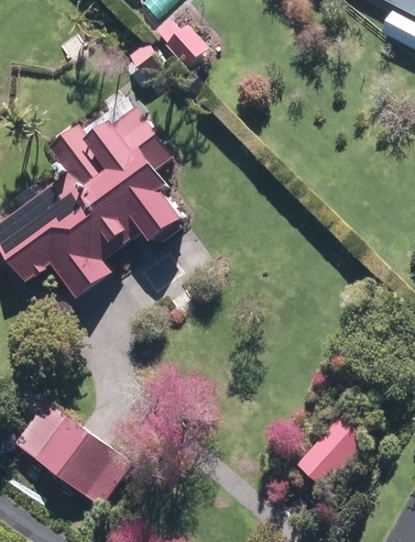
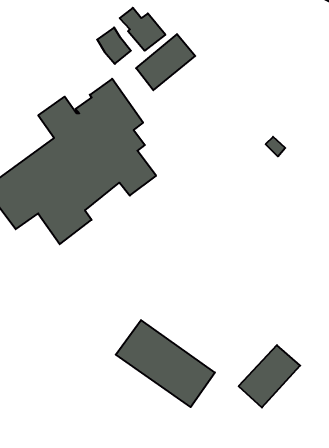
building: none -> [136,34,195,90]
building: [15,401,132,504] -> [116,320,215,407]

